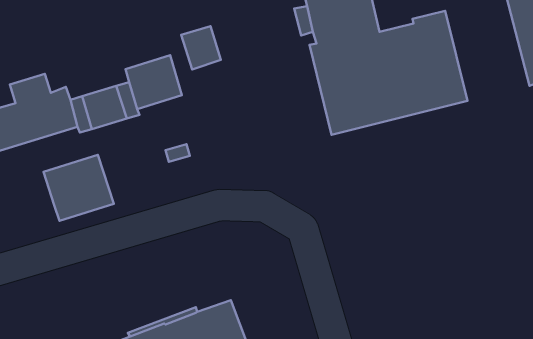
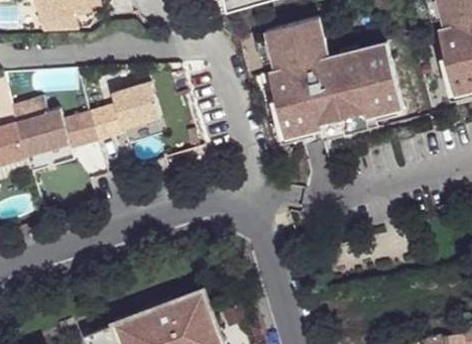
building: [181,26,221,69] -> none
building: [43,155,114,221] -> none

